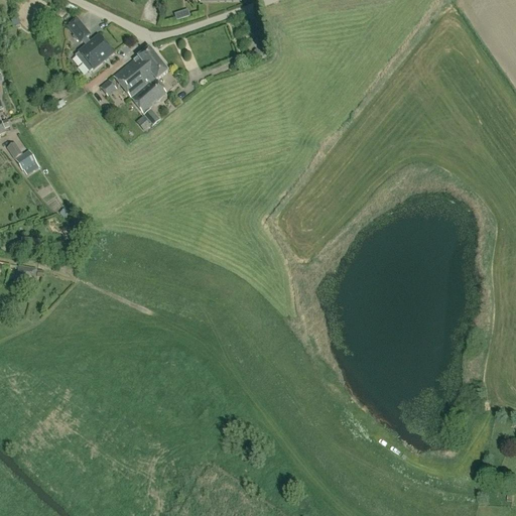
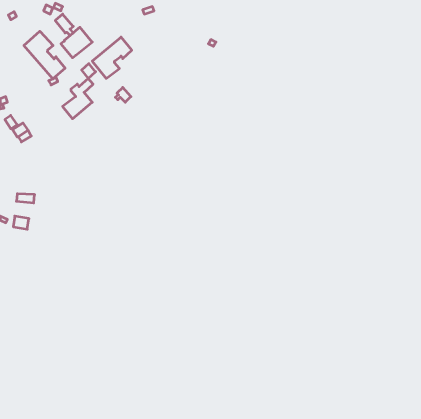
building: none -> [24,31,65,79]
building: [130,61,167,111] -> [63,78,93,119]

